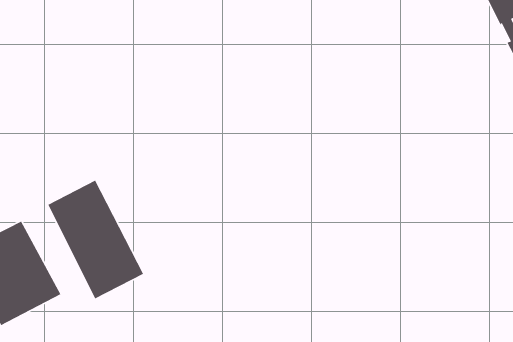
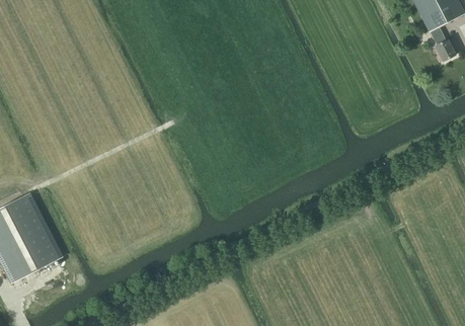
building: [47,179,144,299] -> none

